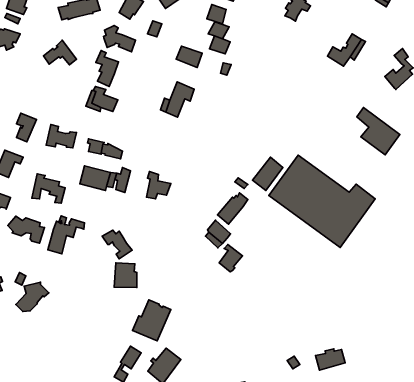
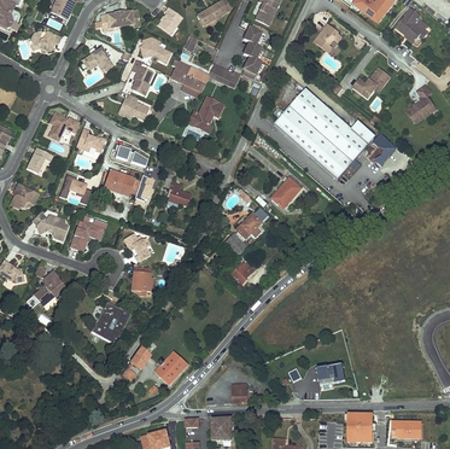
building: none -> [171,62,209,91]
building: [269,155,375,247] -> [275,87,376,179]
building: [132,300,171,341] -> [89,303,128,343]

